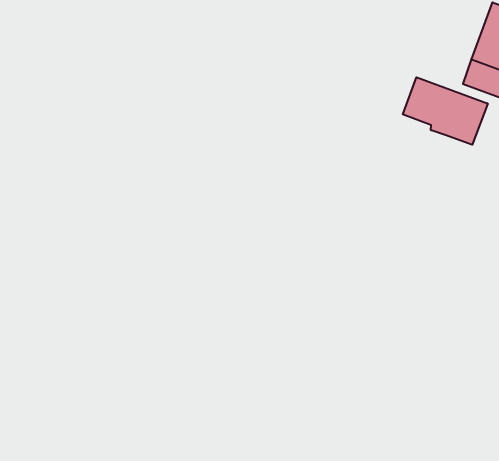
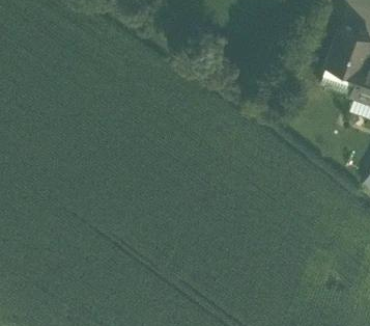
building: [403,77,488,145] -> none

